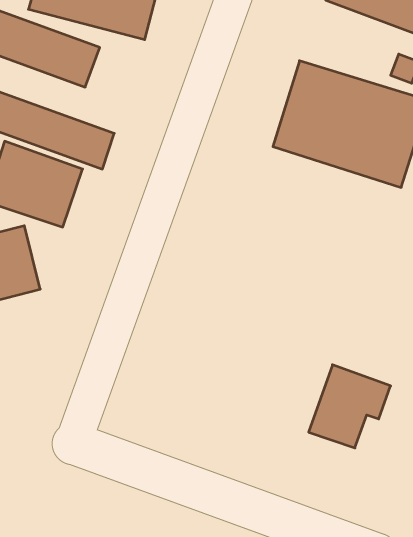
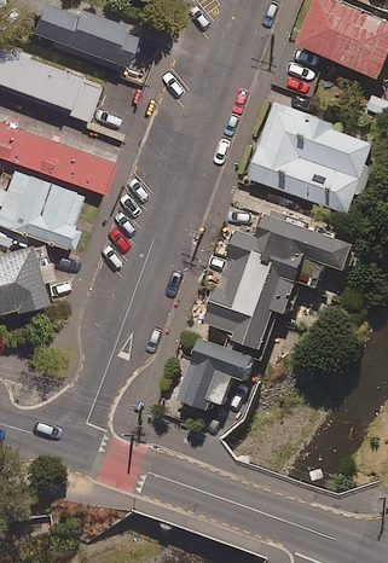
building: none -> [199,211,335,347]
building: [309,365,391,448] -> [174,337,249,413]

